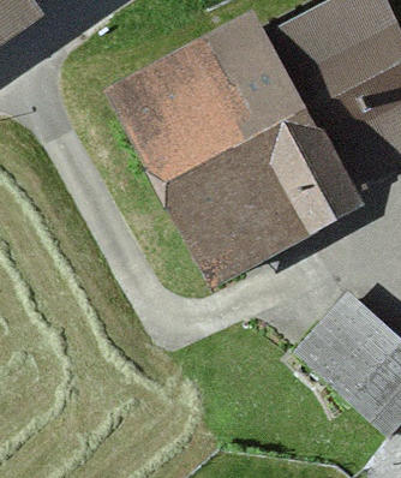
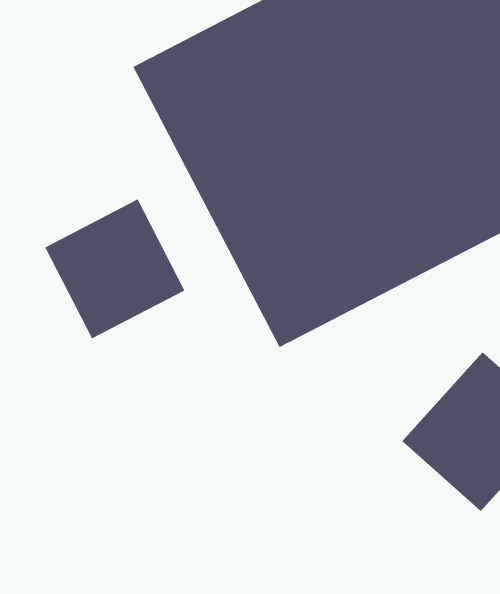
building: none -> [45,199,185,339]

